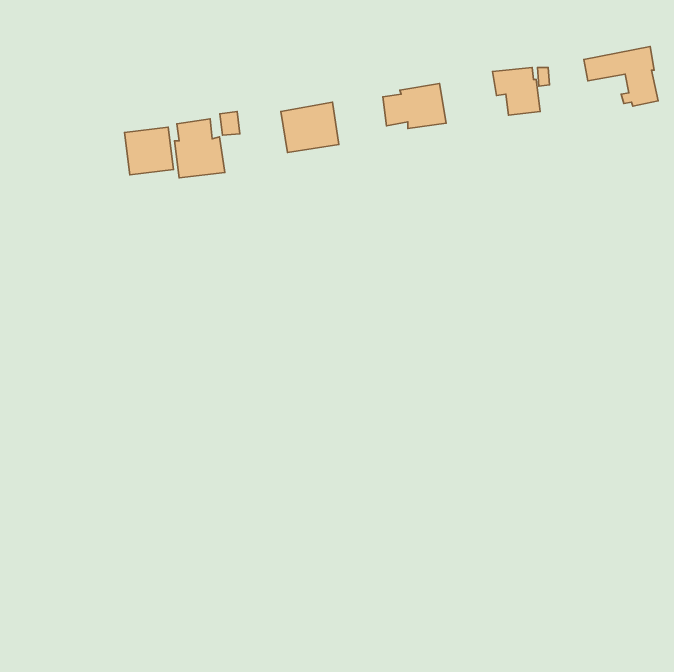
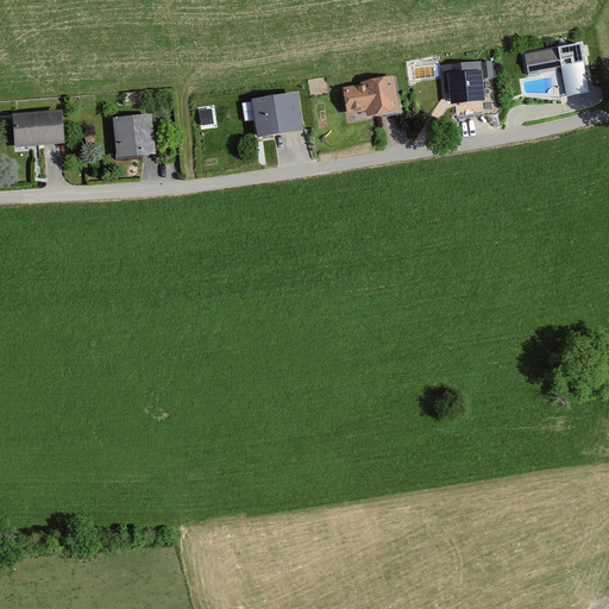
building: [175,119,225,178] -> none
building: none -> [11,108,65,147]

